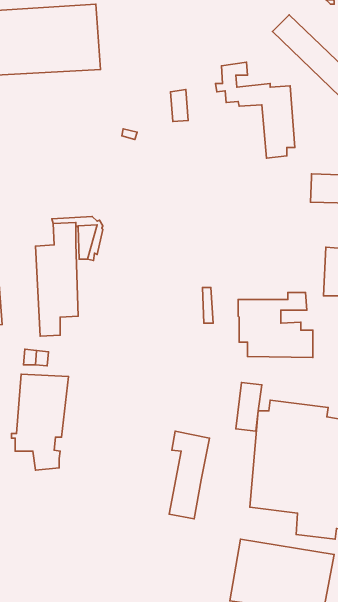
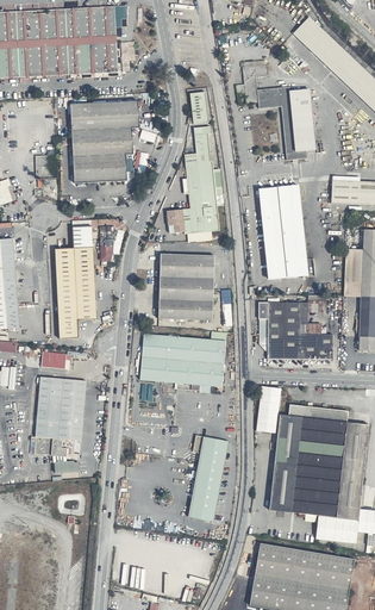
building: none -> [69,101,139,183]
building: none -> [165,132,219,234]
building: none -> [258,182,315,278]
building: none -> [157,253,213,320]
building: none -> [139,332,225,387]

